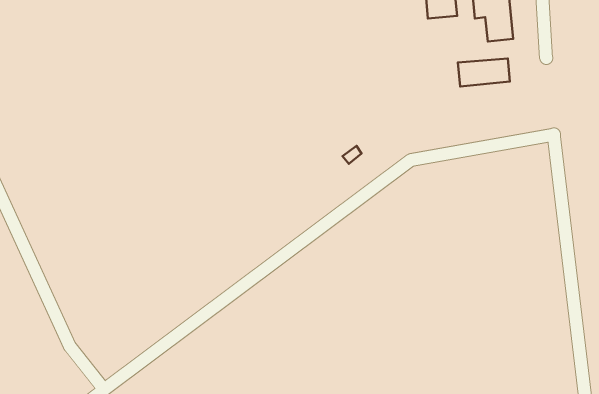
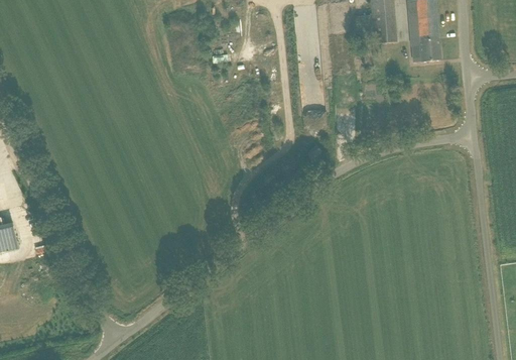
building: [458,58,510,86] -> none

